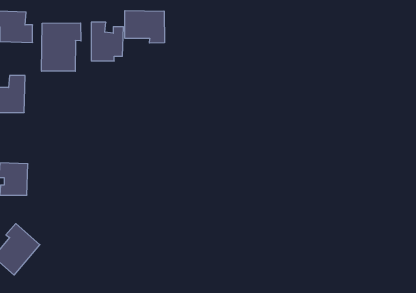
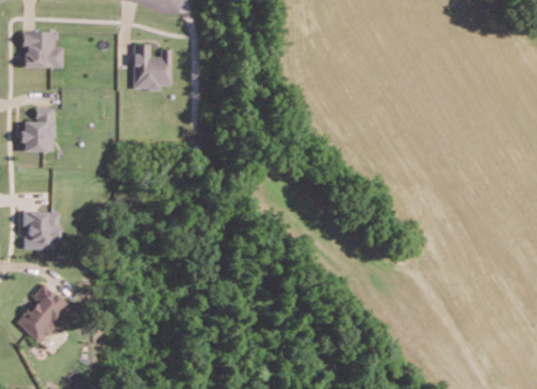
building: [125,11,164,43] -> none
building: [42,23,81,71] -> none

